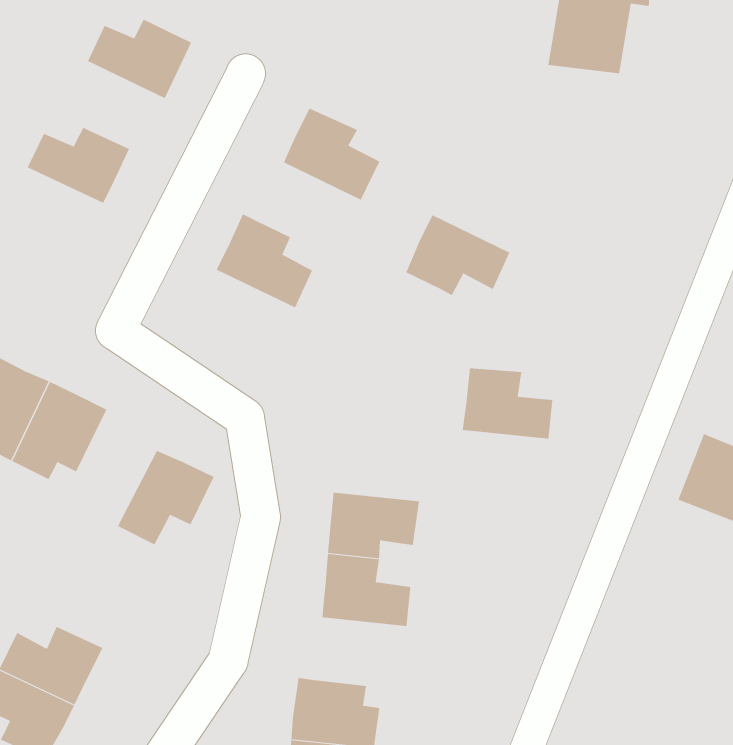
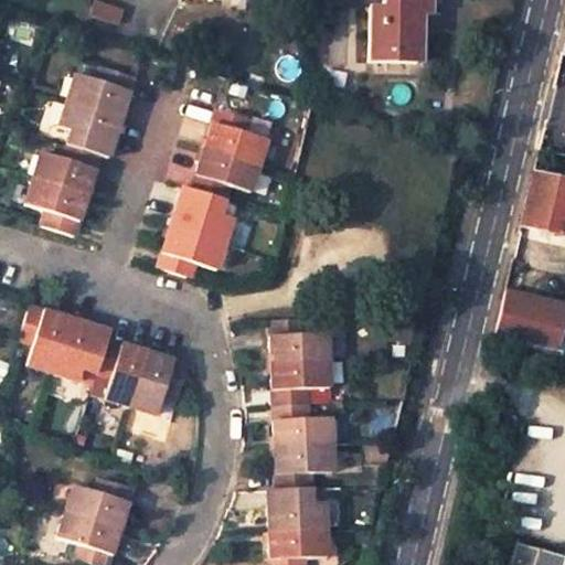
building: none -> [57,102,121,158]
building: none -> [28,178,90,235]
building: [405,214,510,296] -> [193,150,260,202]
building: none -> [160,227,227,276]
building: [462,368,553,439] -> [268,319,328,363]
building: none -> [98,340,149,406]
building: none -> [274,445,332,489]

